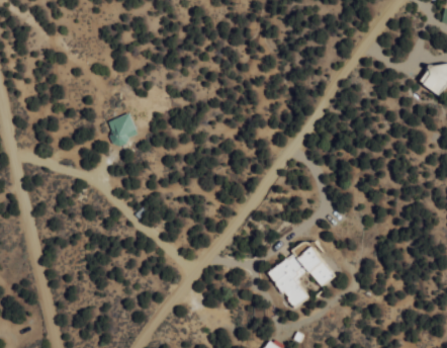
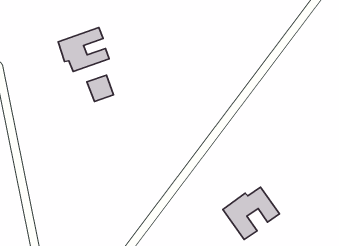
building: none -> [58,28,109,72]

